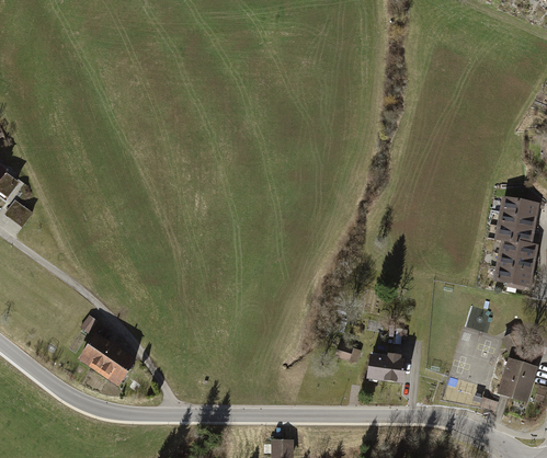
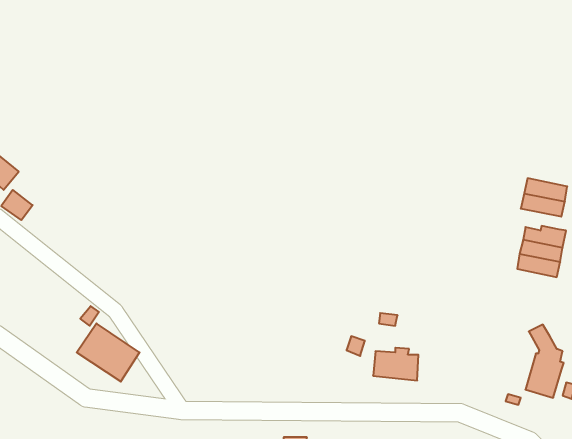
building: [494,222,535,243] -> none

